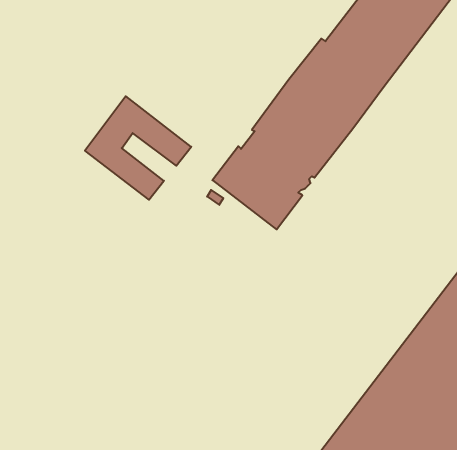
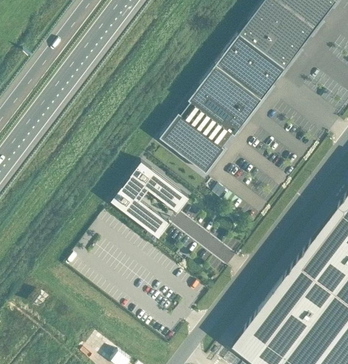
building: [85,96,191,200] -> [109,162,187,238]

